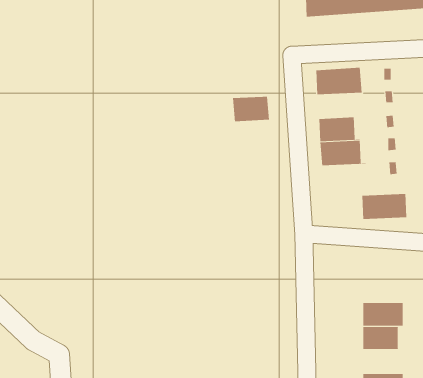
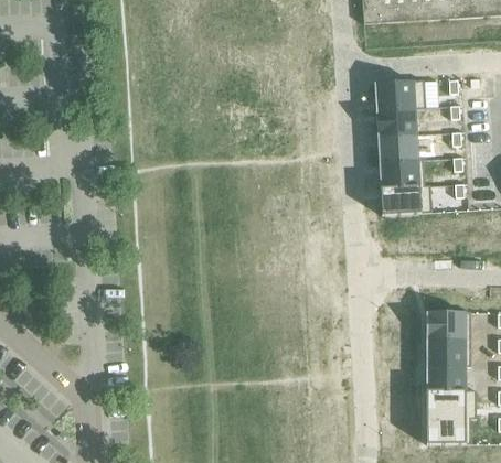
building: [232,96,278,122] -> [375,107,426,136]
building: [361,193,407,219] -> [381,185,431,214]
building: none -> [426,311,471,338]
building: none -> [426,390,477,417]

